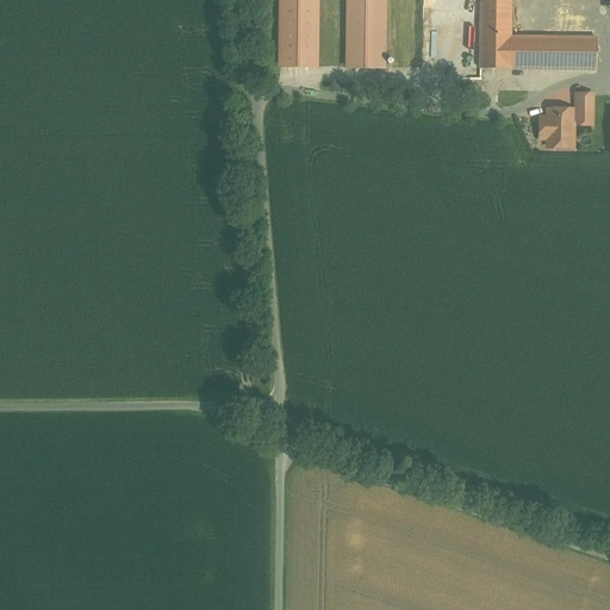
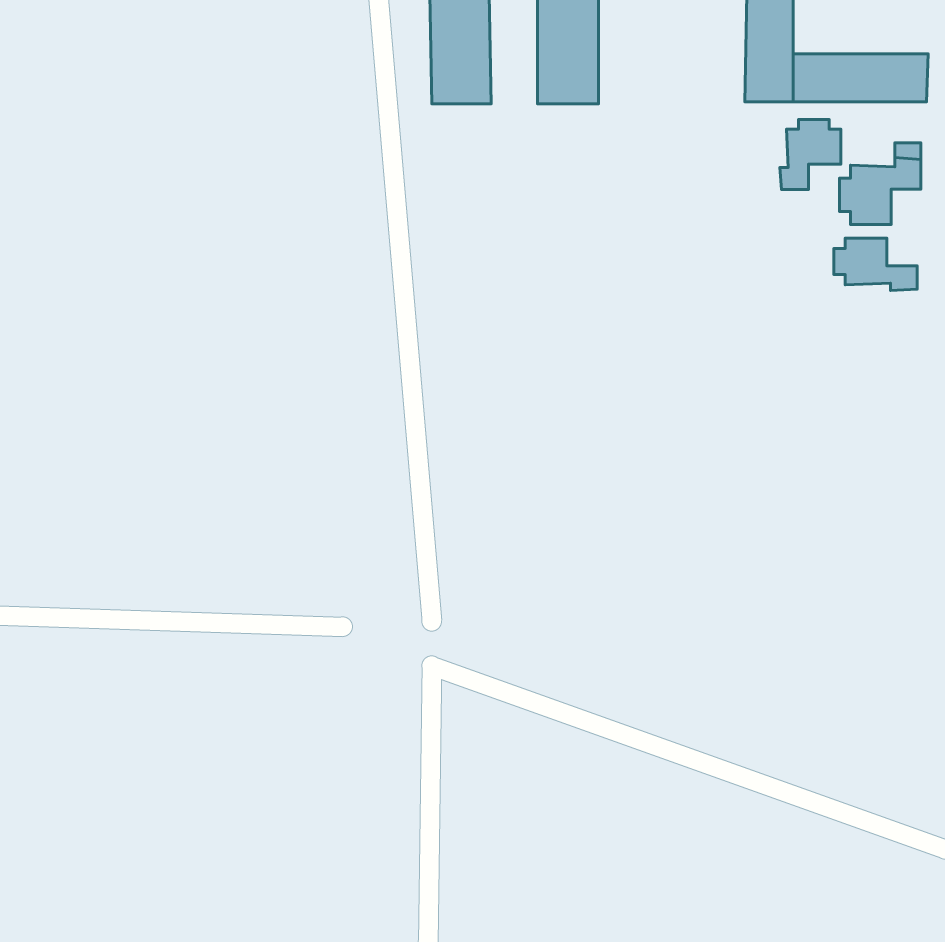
building: none -> [780,120,841,190]
building: none -> [834,238,917,291]

